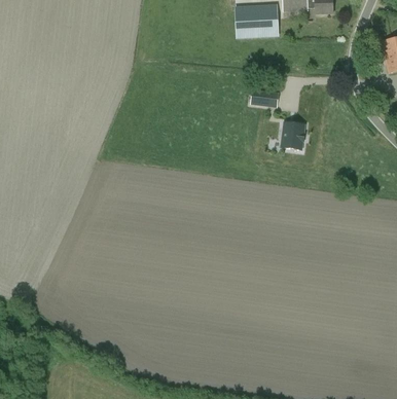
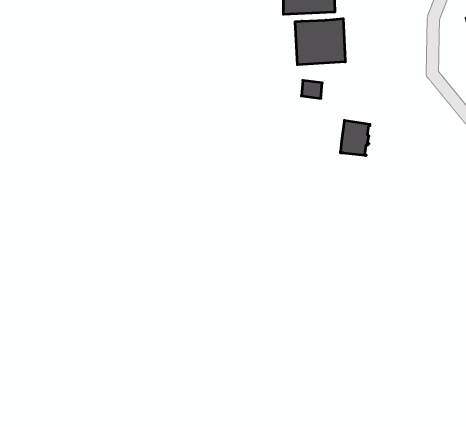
building: none -> [295,19,345,65]

